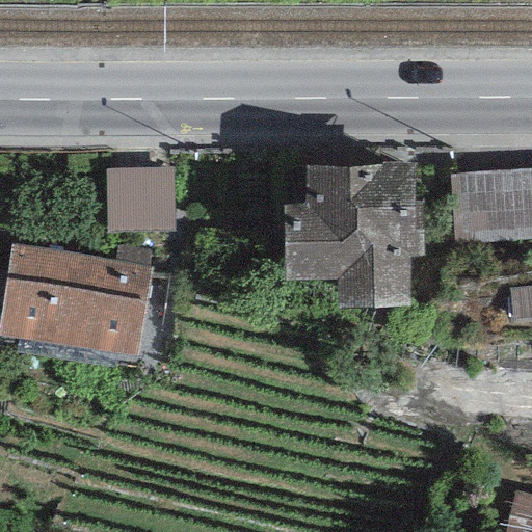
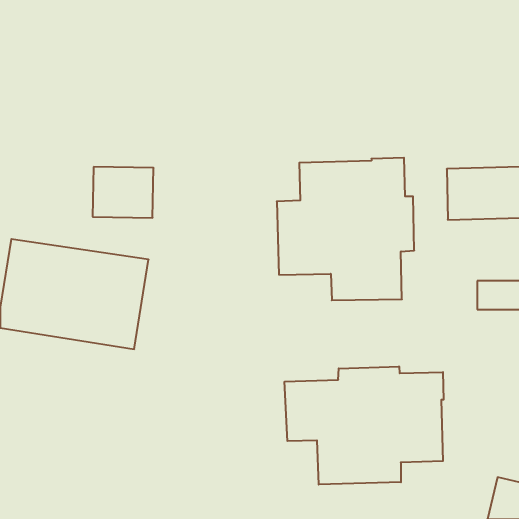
building: none -> [285,366,444,485]

